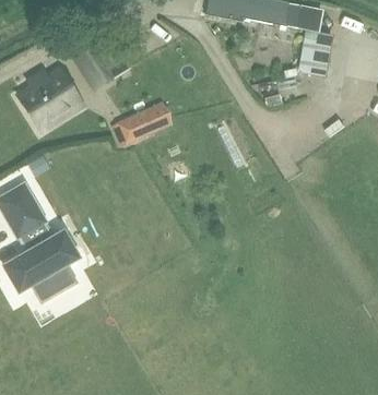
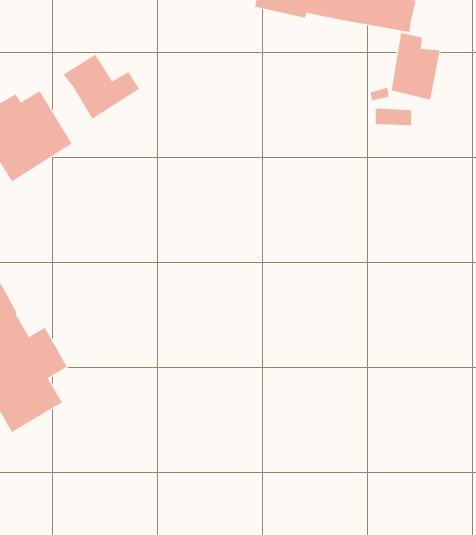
building: [116,107,154,142] -> none

